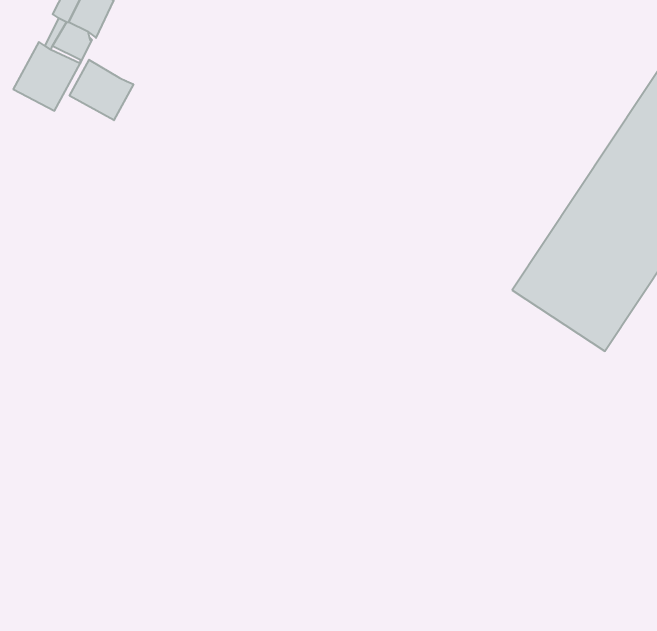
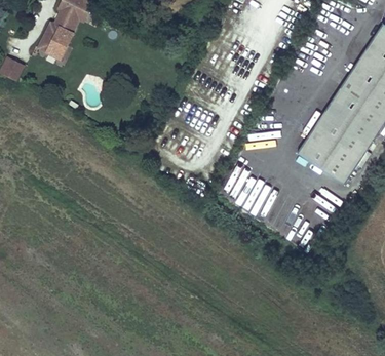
building: [70,60,133,120] -> none

